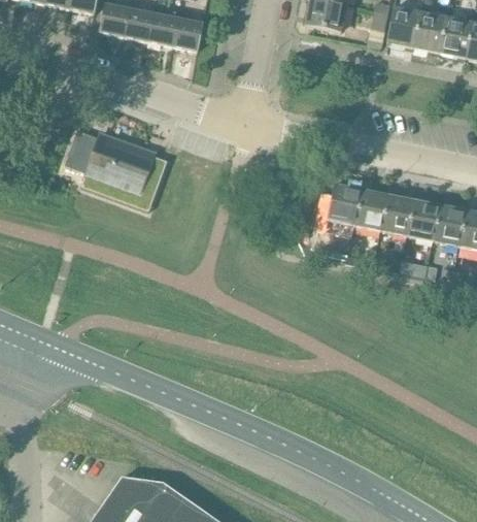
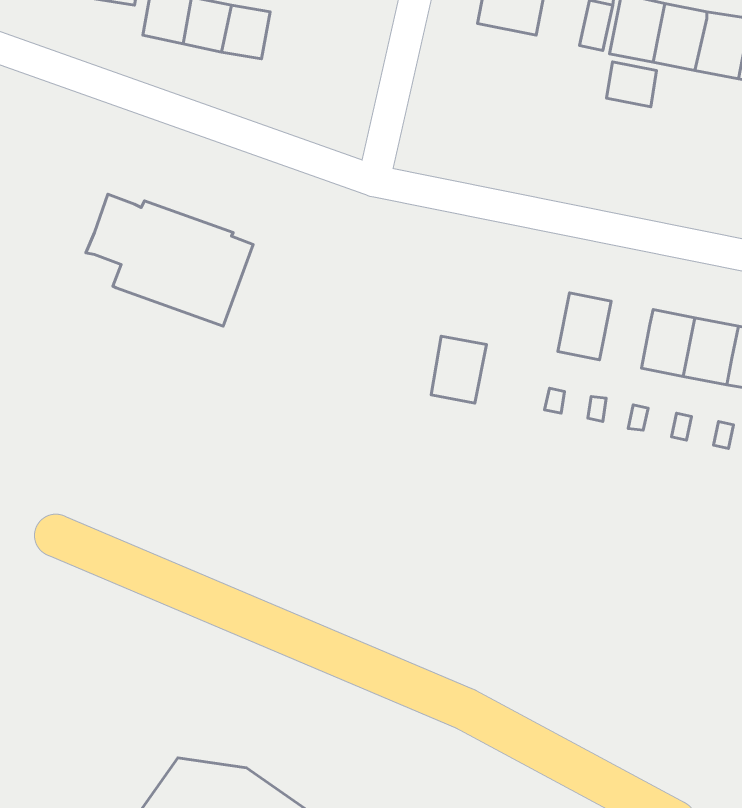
building: [173,17,204,51] -> none
building: none -> [606,62,657,107]
building: [329,185,363,226] -> [431,336,486,403]
building: [381,195,414,236] -> none

